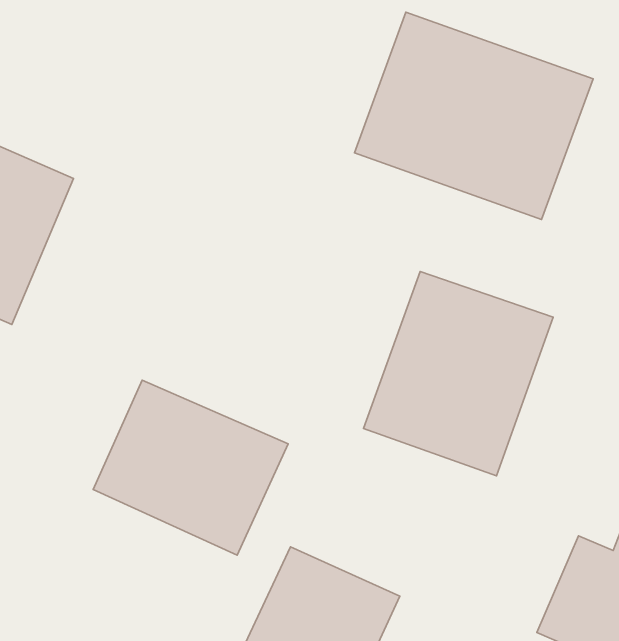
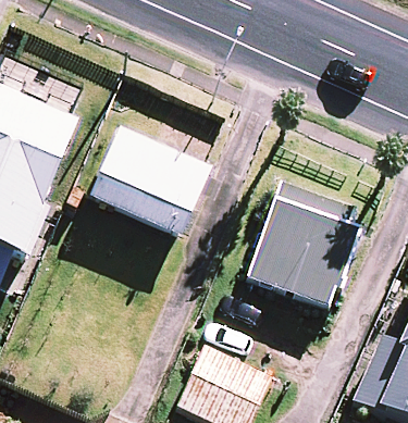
building: [354,12,593,219] -> none
building: [93,380,288,555] -> [91,132,208,236]

